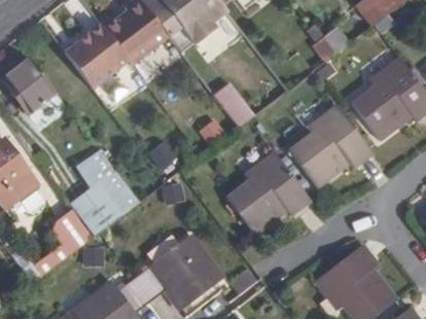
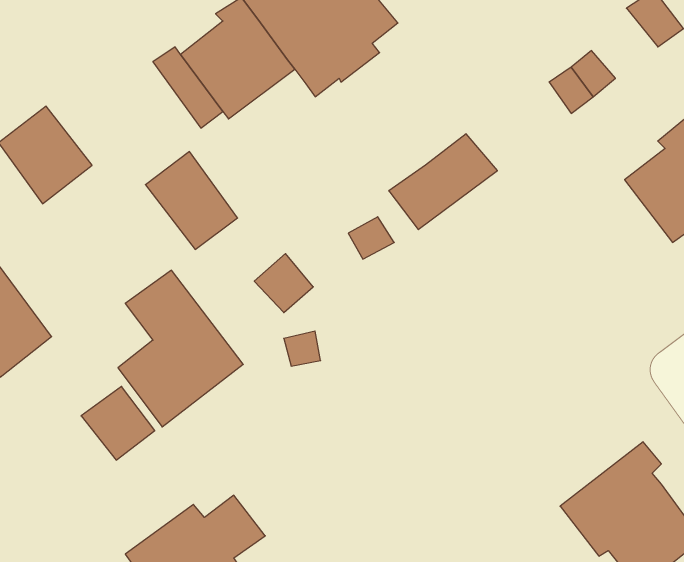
building: [64,35,115,90] -> [145,152,238,249]
building: [289,103,372,184] -> none
building: [229,149,312,231] -> none
building: [134,235,222,308] -> none

